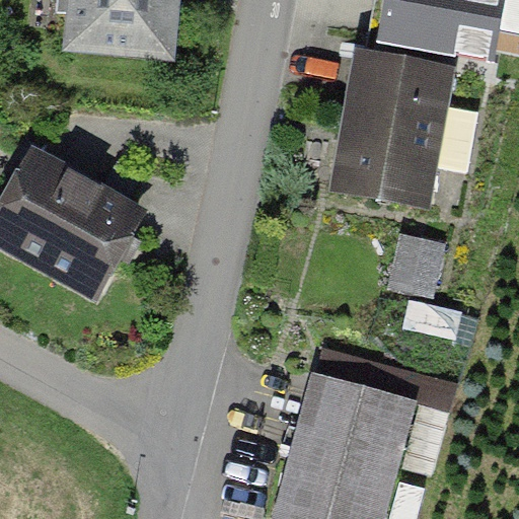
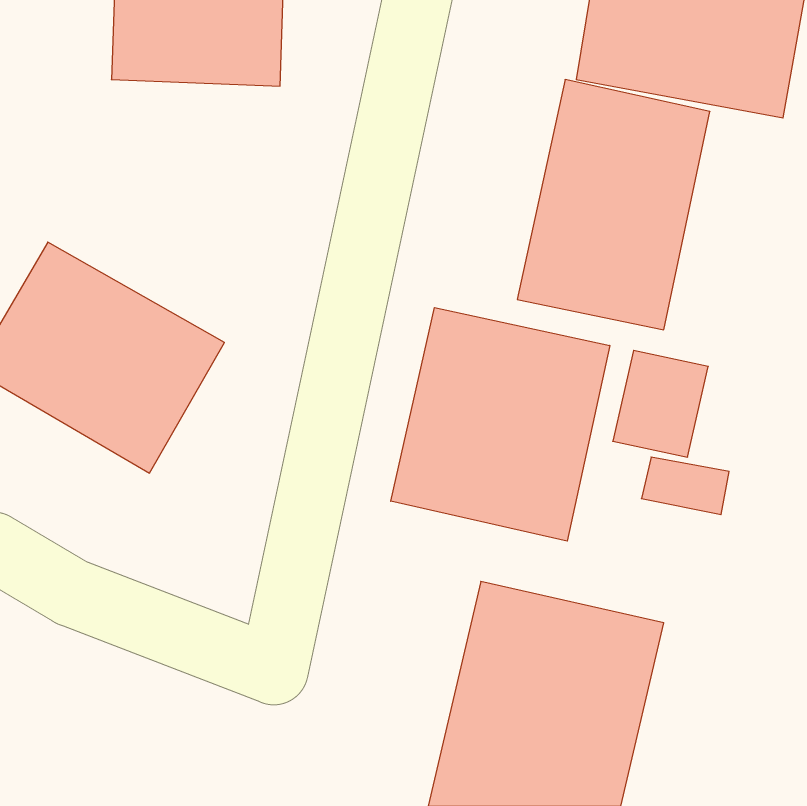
building: none -> [391,308,610,541]

